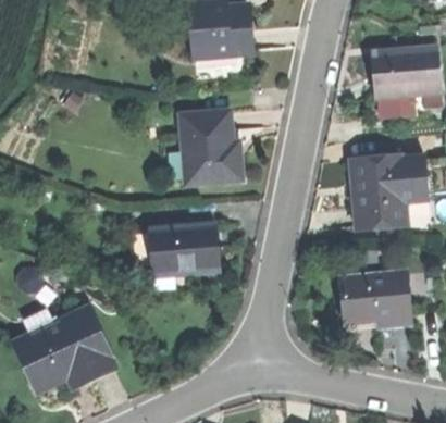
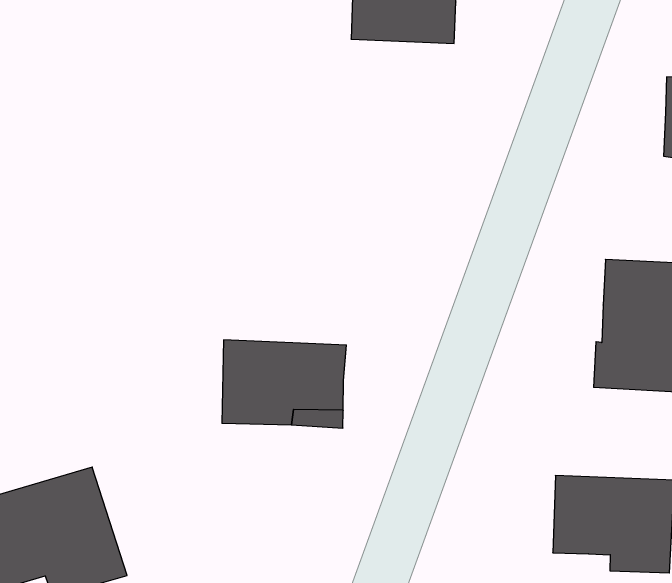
building: [181,110,243,182] -> none

